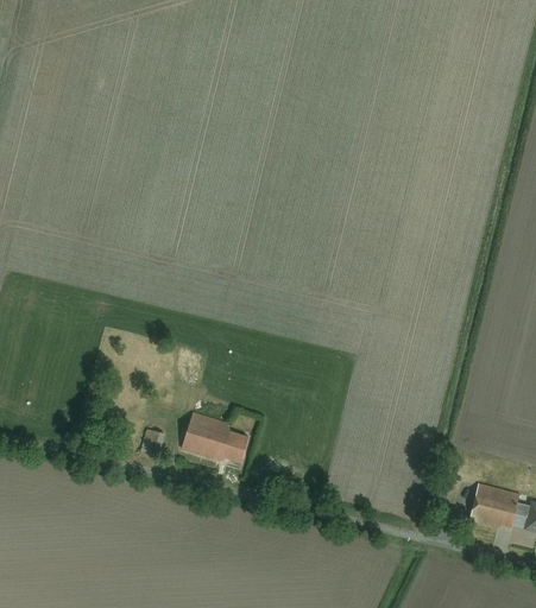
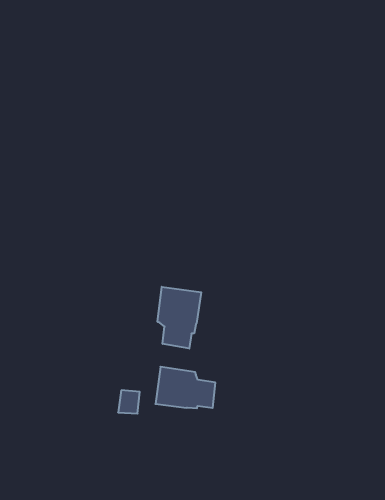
building: none -> [158,287,201,349]

